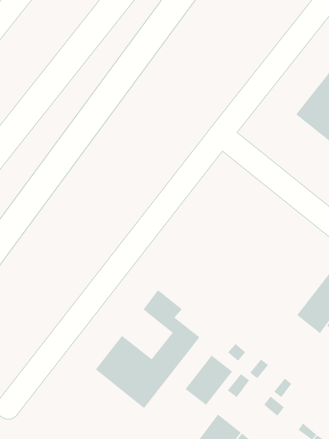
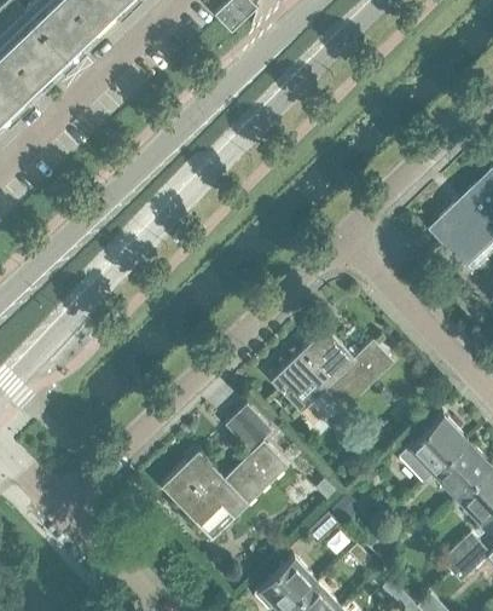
building: none -> [271,329,393,411]
building: [184,355,233,406] -> none

